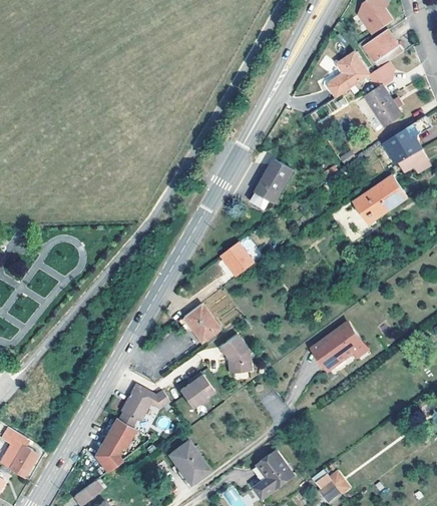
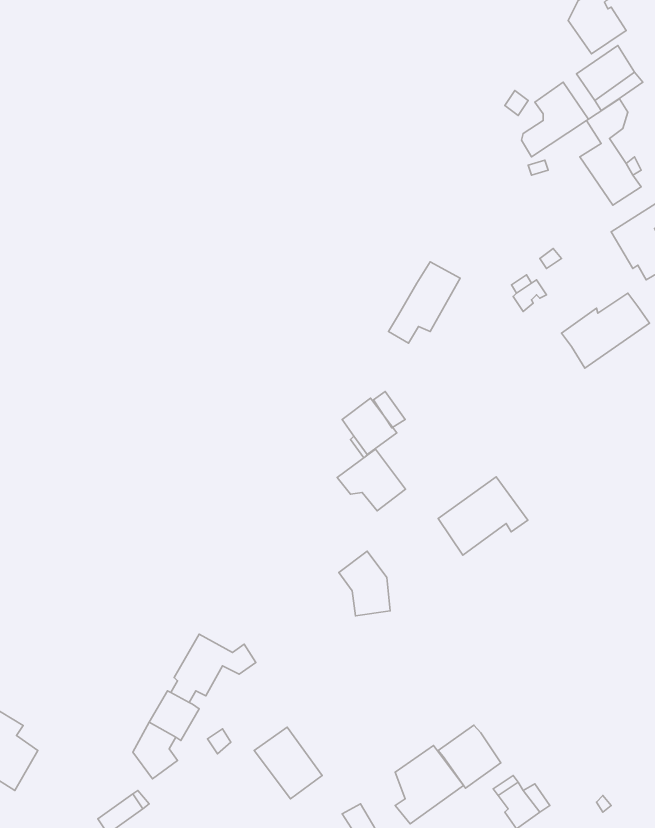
building: [177,304,218,341] -> [337,449,405,511]
building: [313,323,367,370] -> [438,477,528,555]
building: [179,372,214,407] -> none
building: none -> [438,725,501,788]

